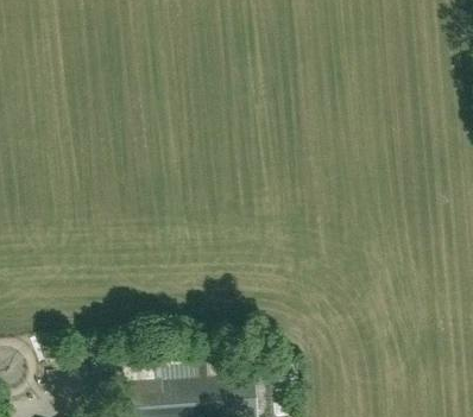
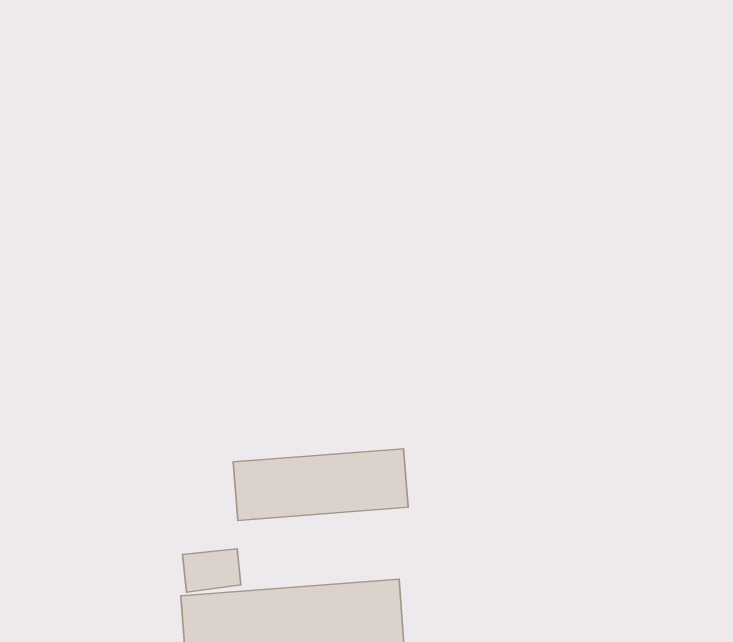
building: none -> [233,449,408,521]

